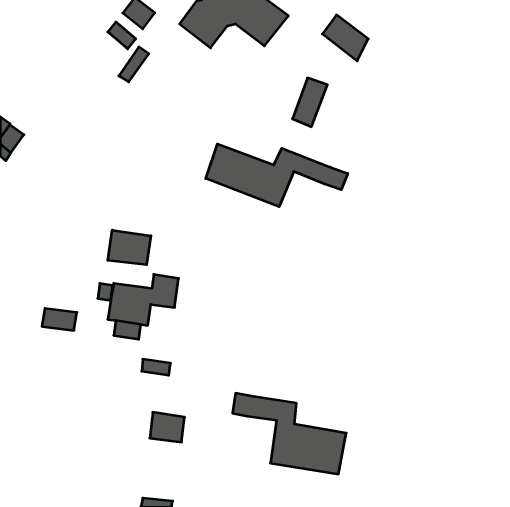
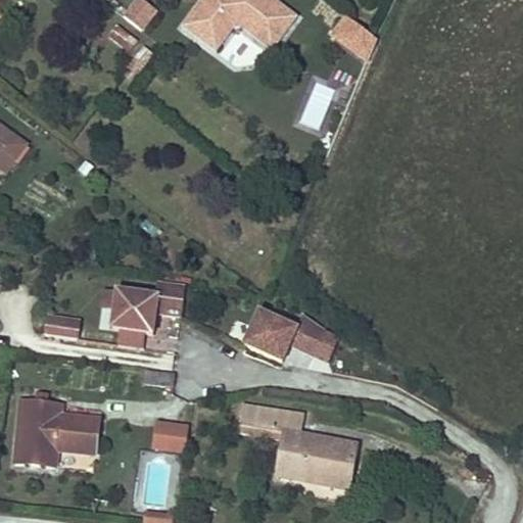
building: [206,144,348,207] -> none
building: [108,230,151,265] -> none
building: none -> [244,311,324,361]
building: none -> [12,398,97,465]

